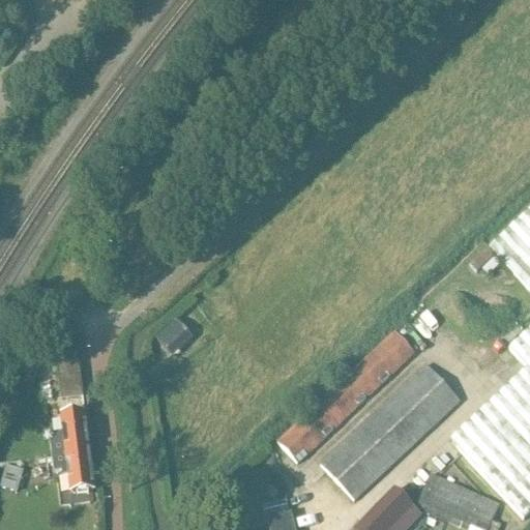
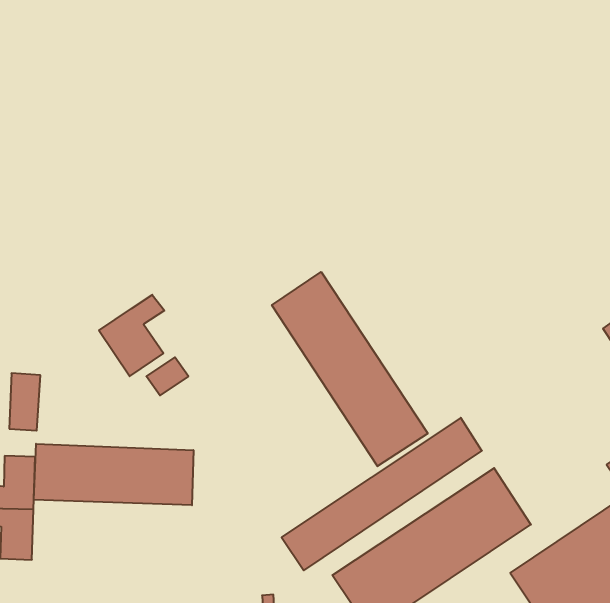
building: none -> [272,272,428,466]
building: none -> [99,295,164,376]
building: none -> [34,444,193,505]

